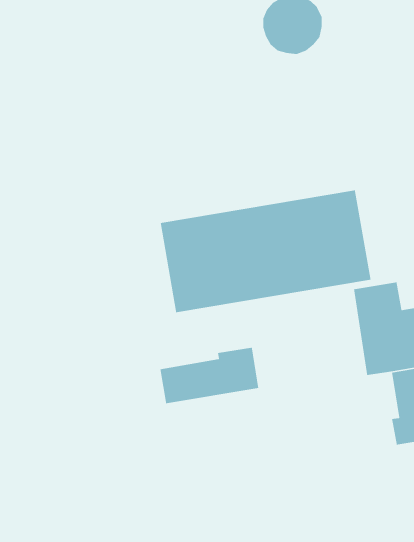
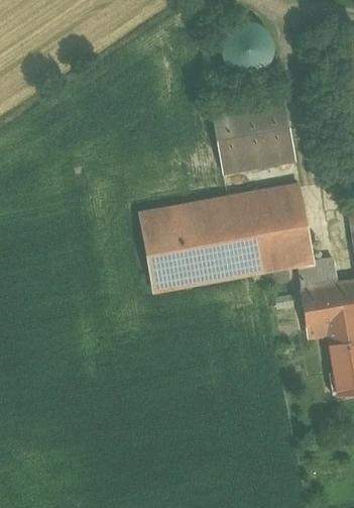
building: none -> [212,93,296,174]
building: [160,347,259,404] -> none

